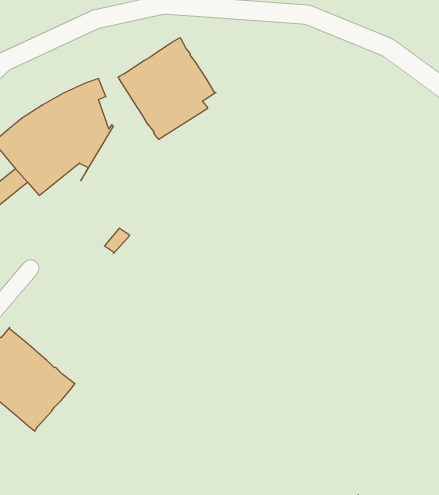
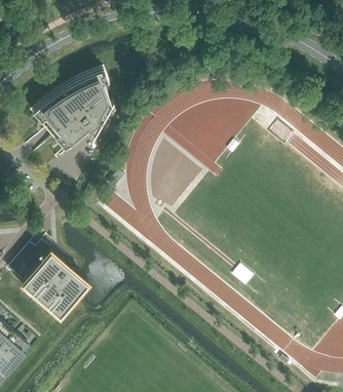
building: [118,38,216,139] -> none

